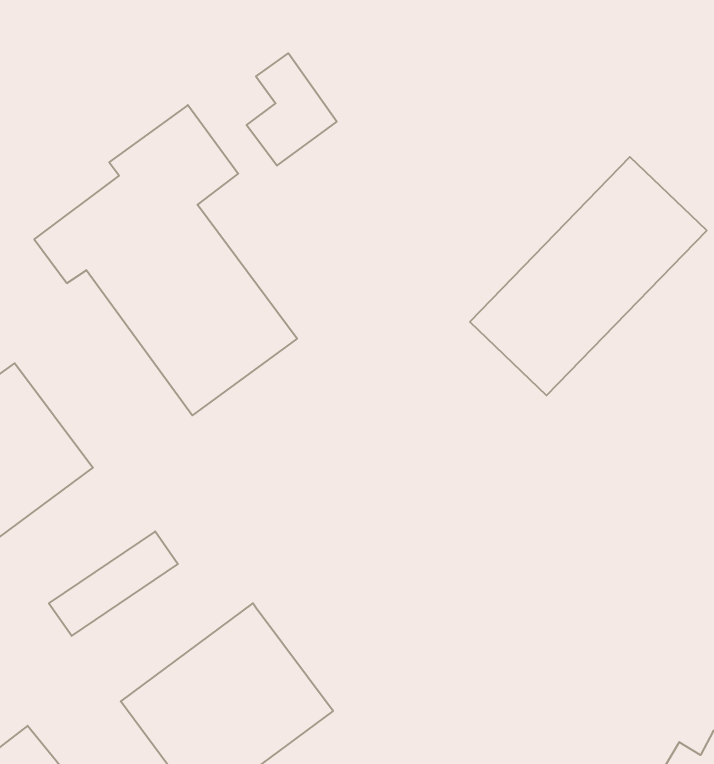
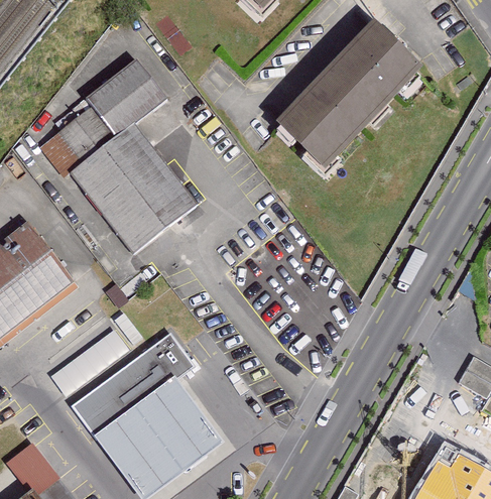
building: [247,53,337,166] -> none
building: [470,157,707,395] -> [275,15,421,162]
building: none -> [70,332,192,433]

